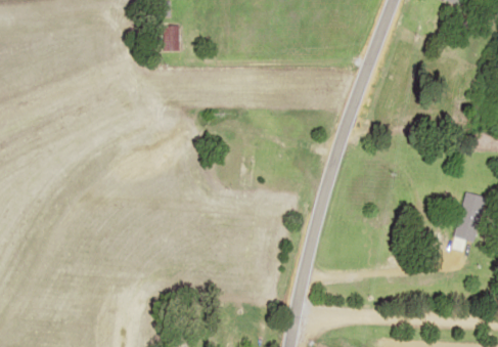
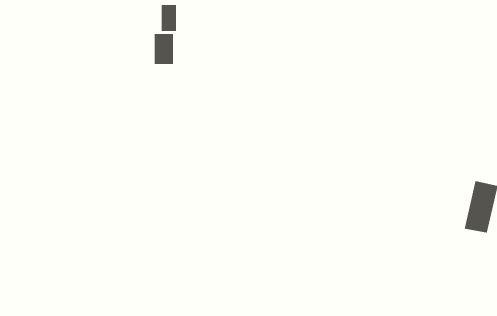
building: none -> [154,33,174,65]

